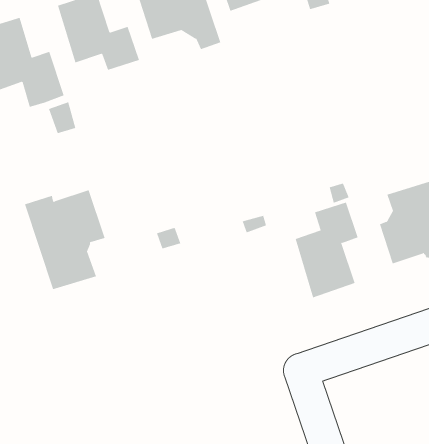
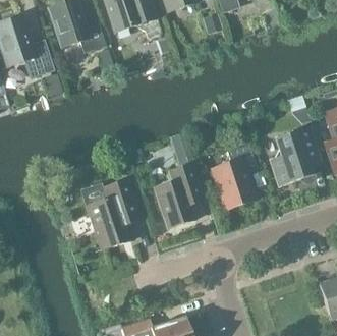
building: [24,189,106,290] -> [82,179,138,248]
building: none -> [155,164,201,227]

